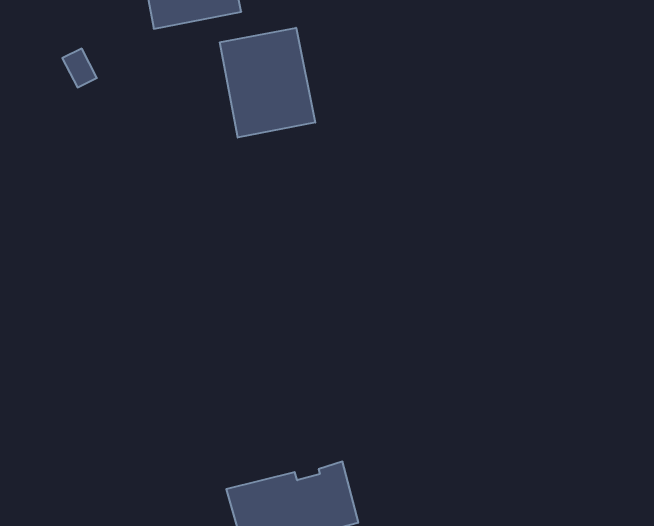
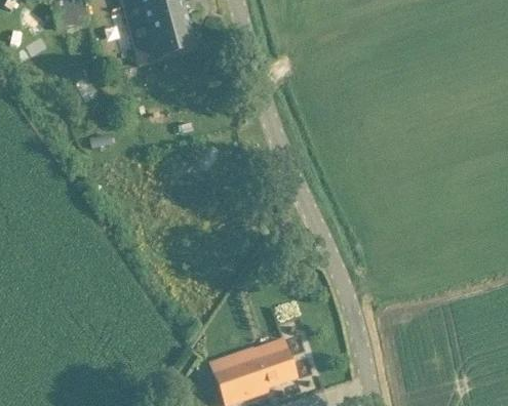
building: [220,28,315,138] -> none

